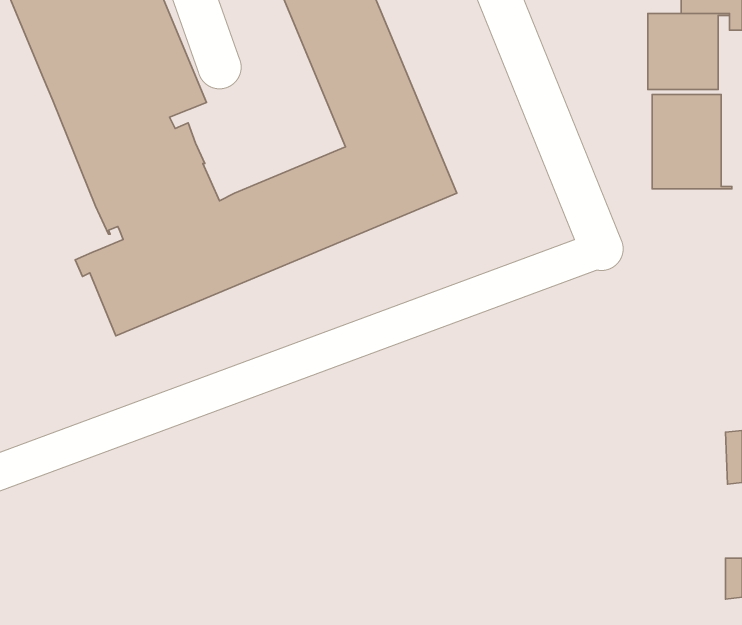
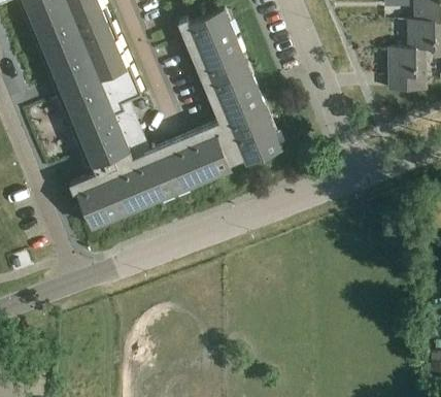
building: [652,95,732,189] -> none

